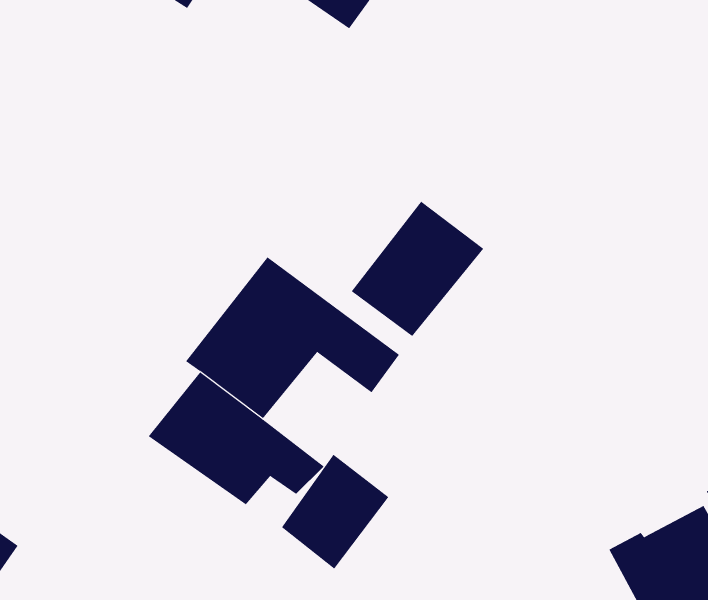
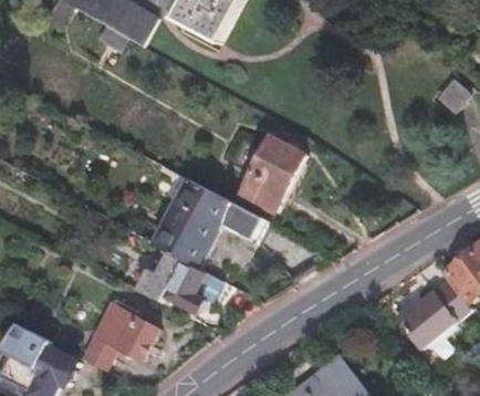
building: [281,454,389,569] -> none
building: none -> [80,301,158,368]

